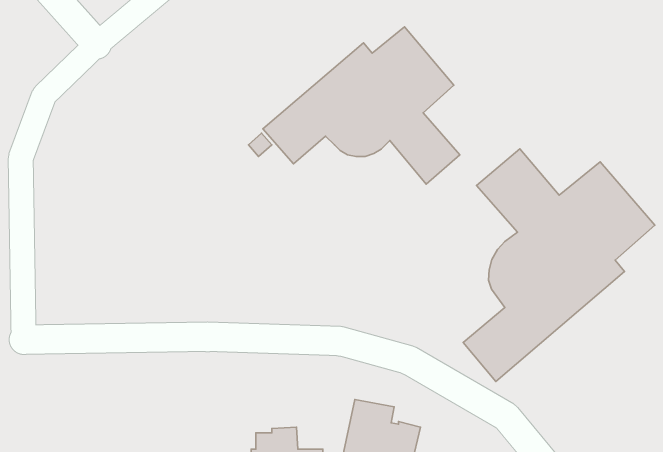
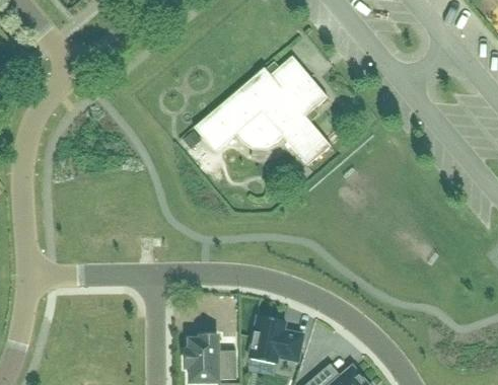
building: [463,149,655,382] -> none

